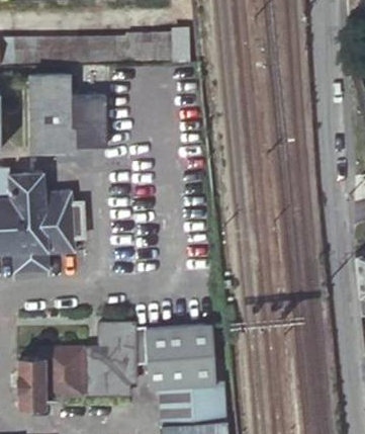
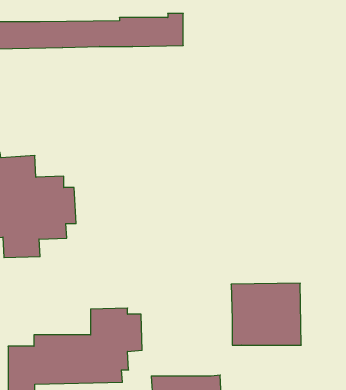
building: [29,76,106,151] -> none
building: [147,328,215,388] -> [231,283,301,345]

